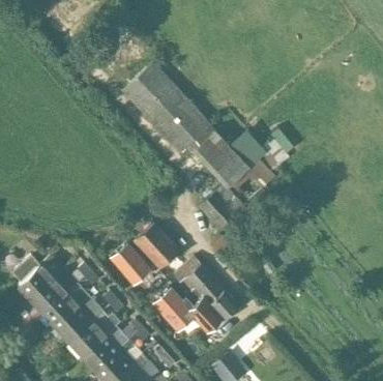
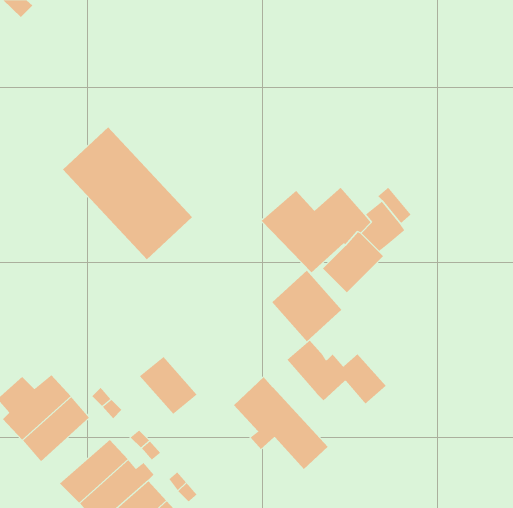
building: [121,62,209,152] -> [62,126,193,260]
building: [132,224,177,267] -> none
building: [43,284,90,328] -> none
building: [153,288,220,331] -> [287,340,387,404]

